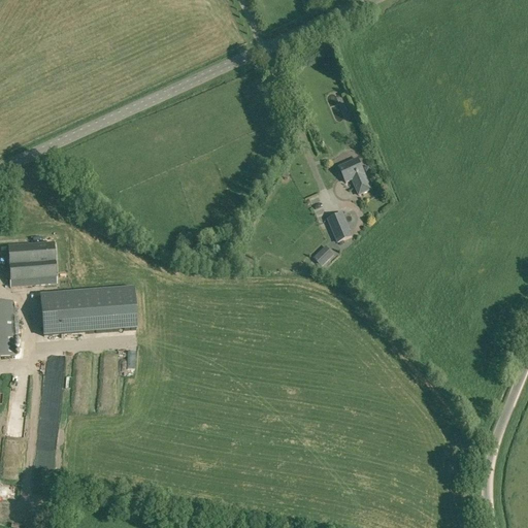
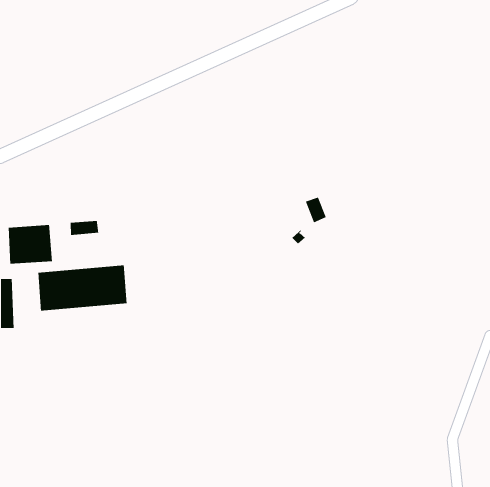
building: [339,157,371,193] -> none
building: none -> [70,220,99,236]

